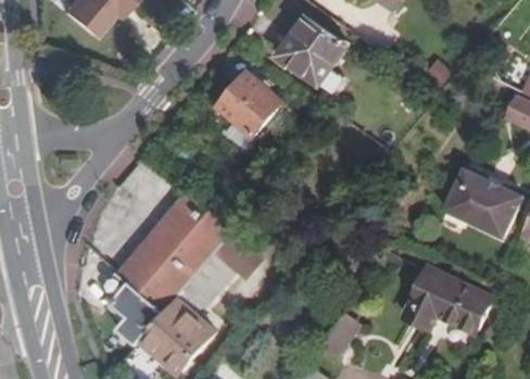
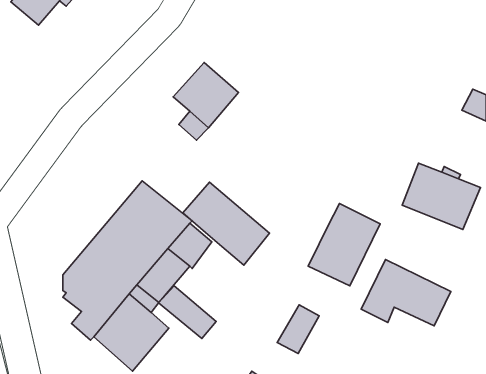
building: [278,16,346,84] -> none
building: none -> [183,182,270,265]
building: none -> [308,204,380,286]
building: none -> [159,286,216,339]

